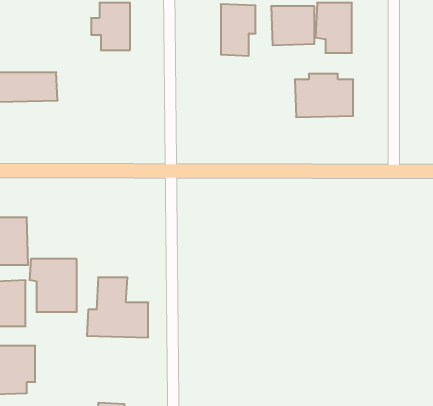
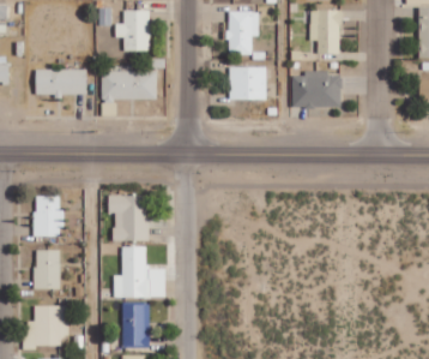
building: [271,6,314,45] -> [229,67,266,101]
building: none -> [101,71,157,101]
building: [29,259,77,312] -> [108,195,149,240]
building: none -> [122,304,150,346]

